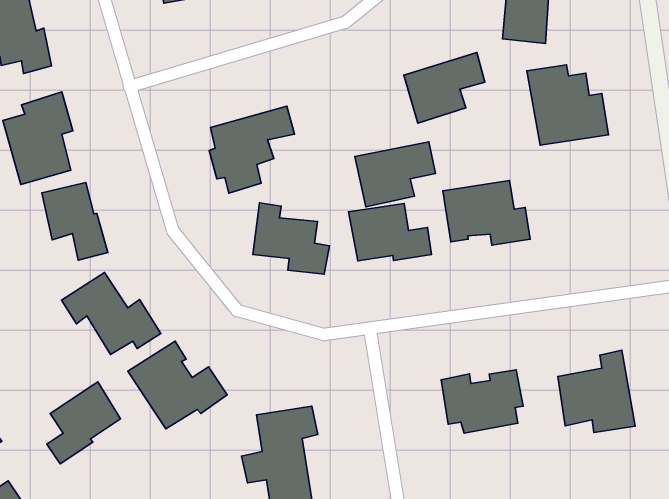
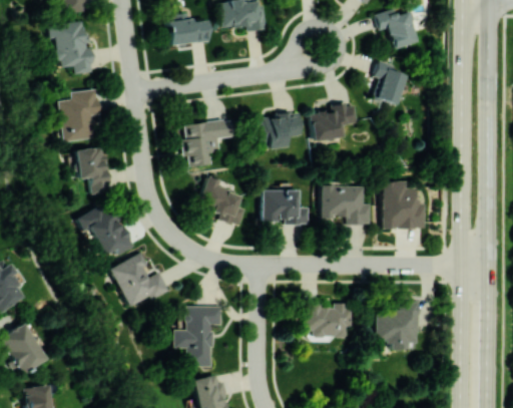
building: [527,65,608,145] -> [382,181,426,229]
building: [355,142,435,207] -> [255,115,304,149]
building: [47,382,120,464] -> none

